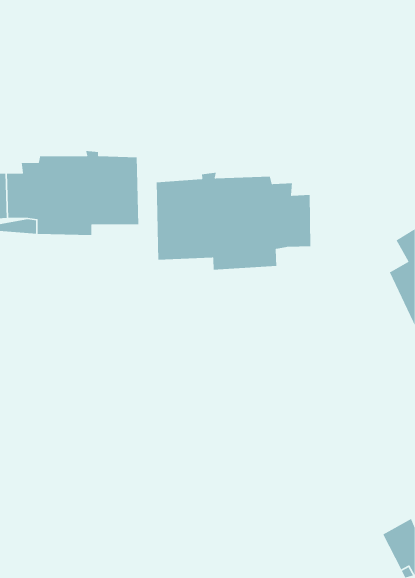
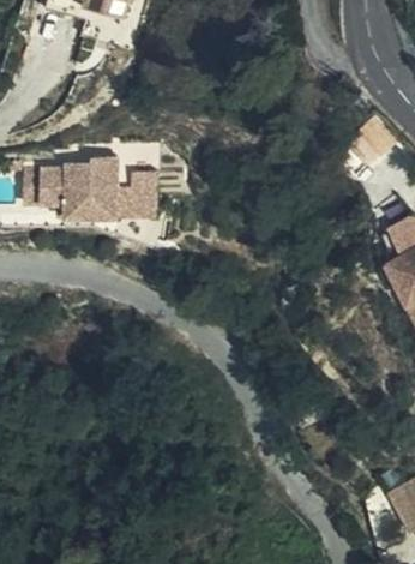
building: [156,172,311,271] -> none

